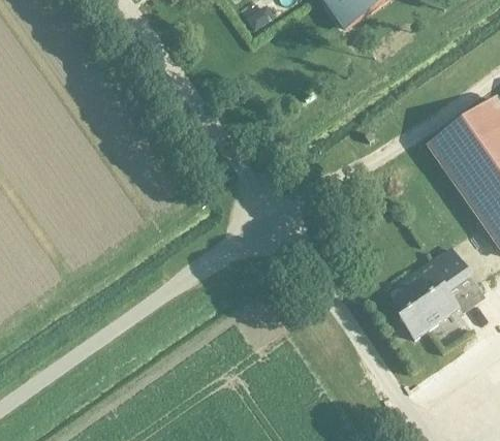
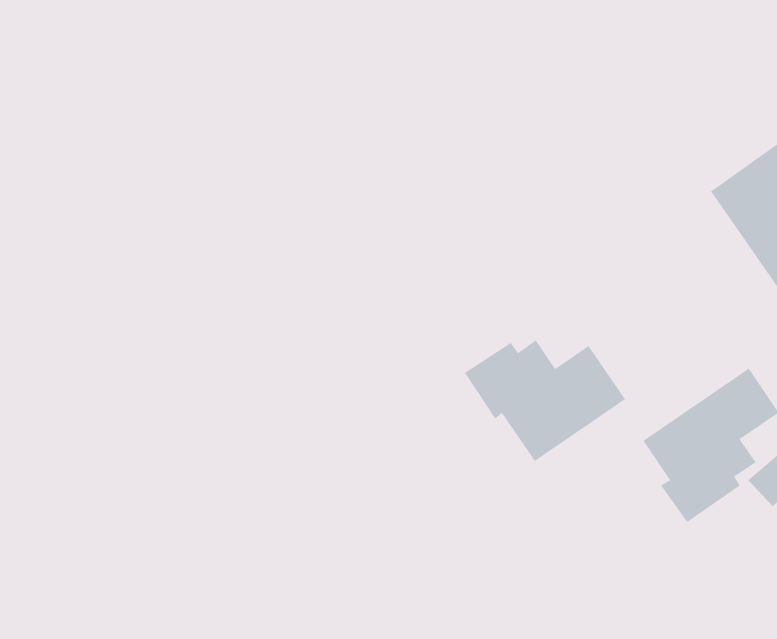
building: none -> [464,340,626,462]

